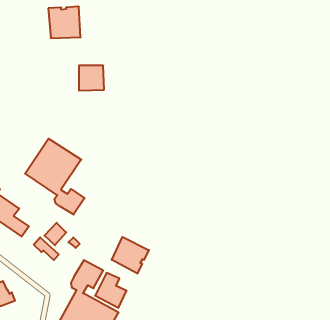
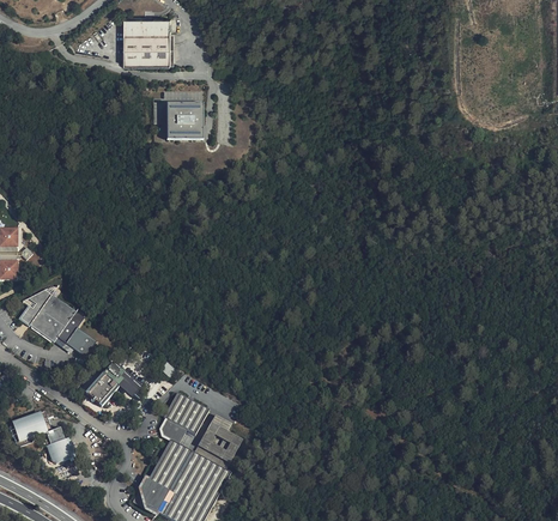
building: [25,139,85,215] -> none
building: [44,223,66,245] -> [85,372,117,406]
building: [112,237,149,274] -> none

